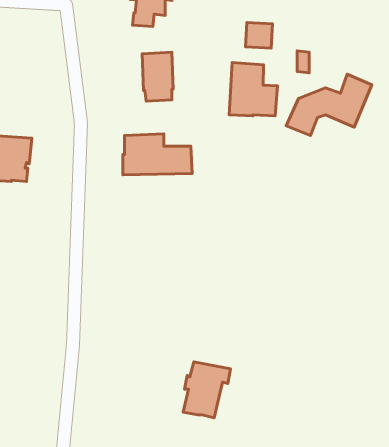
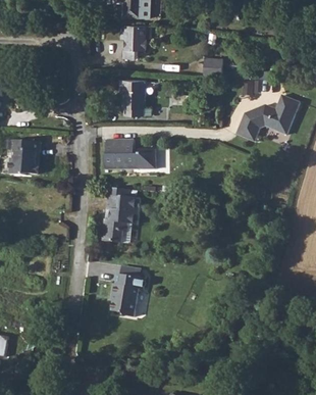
building: [229,62,277,116] -> none
building: none -> [106,188,142,244]
building: [183,362,231,418] -> [110,276,146,317]

